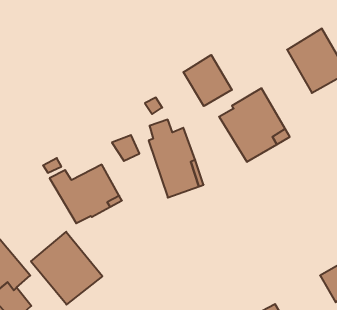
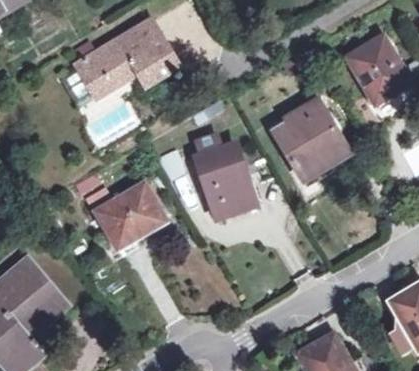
building: none -> [64,18,179,98]
building: [183,55,232,106] -> none
building: [31,232,102,305] -> none

